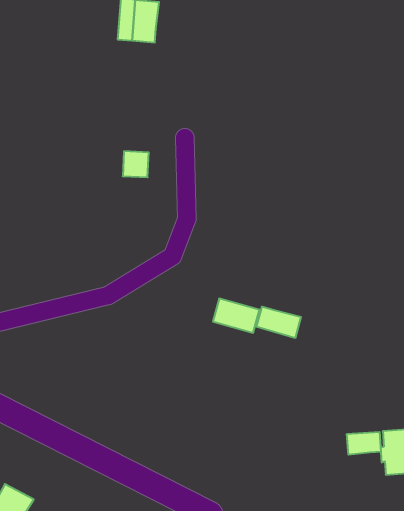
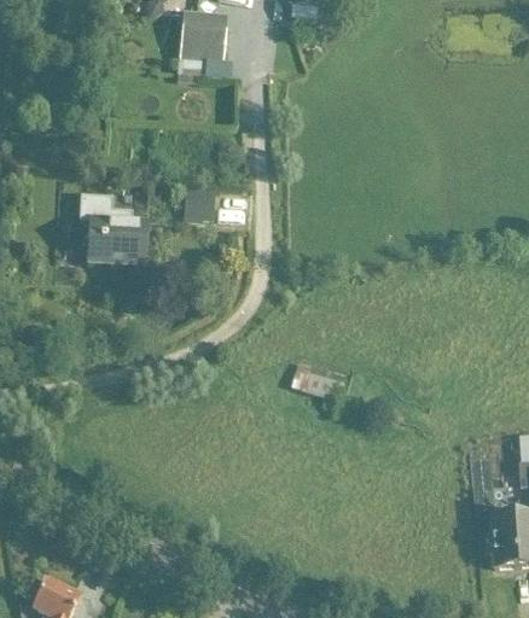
building: none -> [80,194,147,263]
building: [256,307,301,338] -> none
building: [347,432,381,455] -> none

